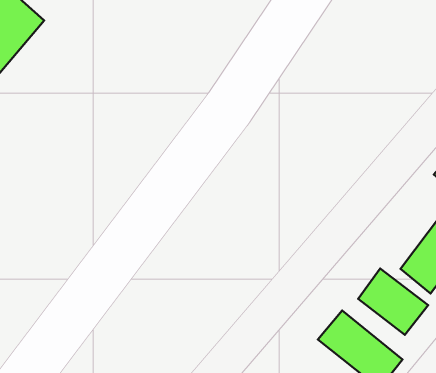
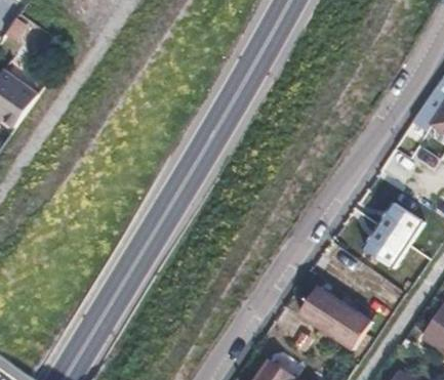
building: [358,268,428,335] -> none

